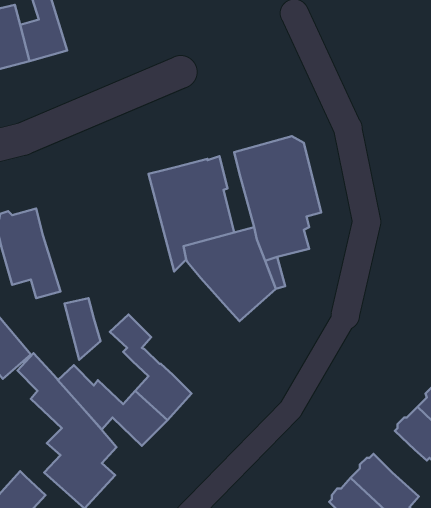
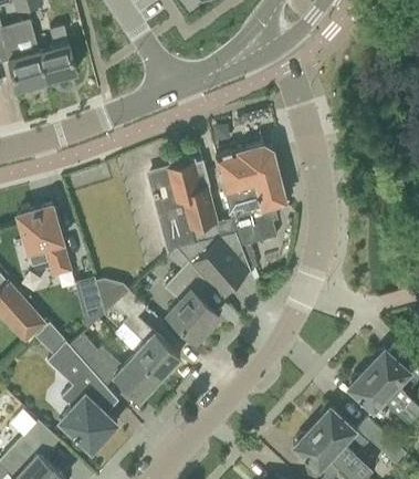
building: none -> [165,249,219,341]

